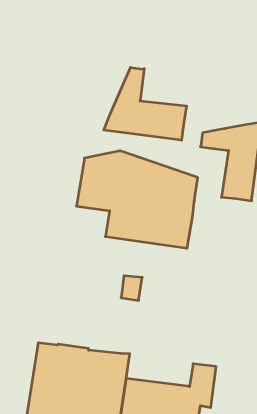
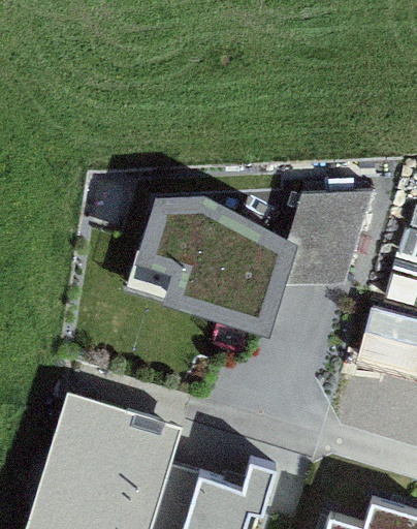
building: [104,67,187,140] -> none

